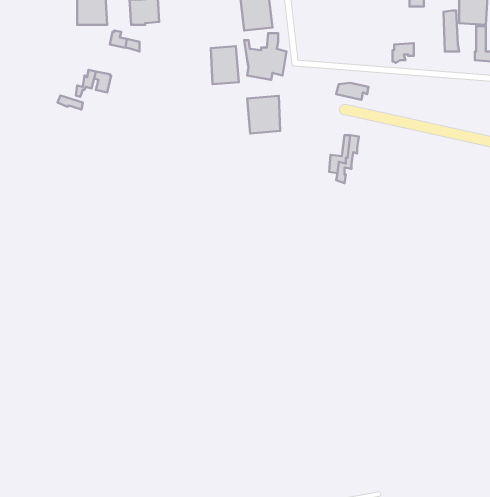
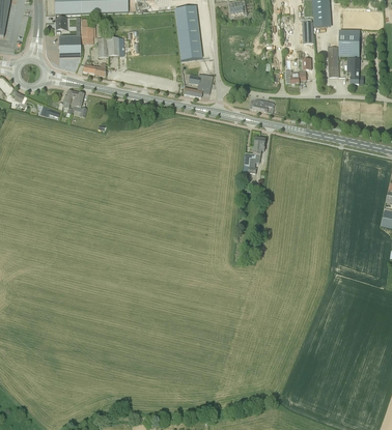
building: [211,46,239,84] -> none
building: [247,96,280,133] -> none

